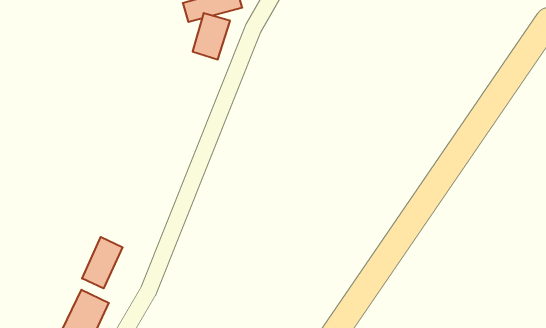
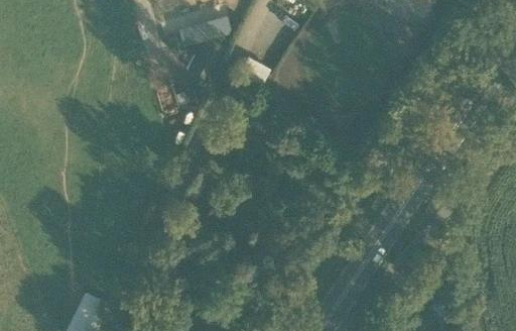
building: [82,237,123,288] -> none

